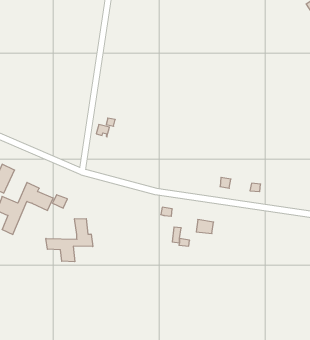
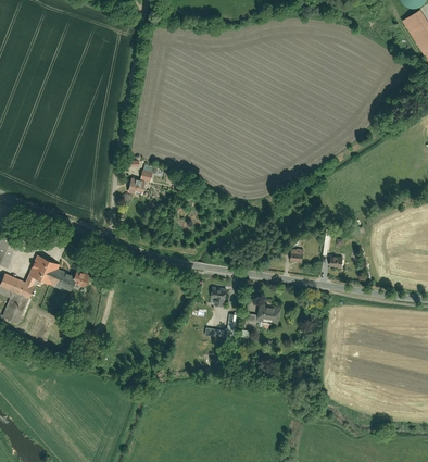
building: [46,219,93,262] -> none

